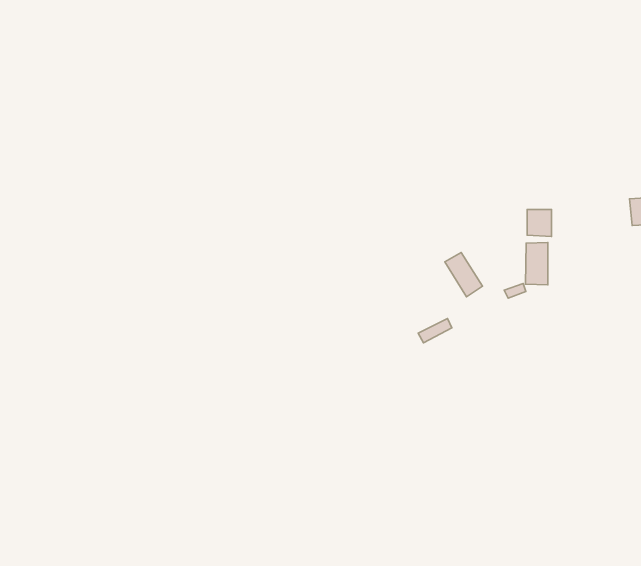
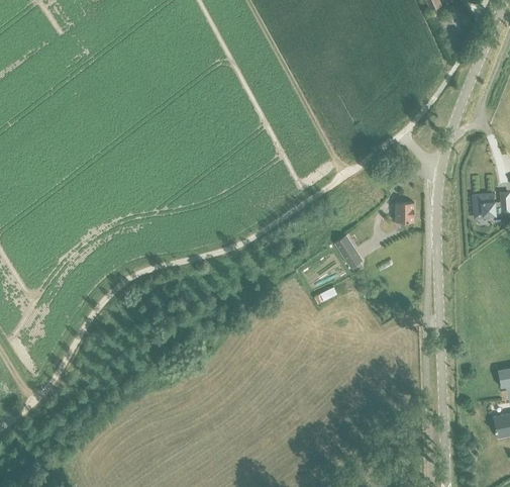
building: [525,243,548,285] -> none

